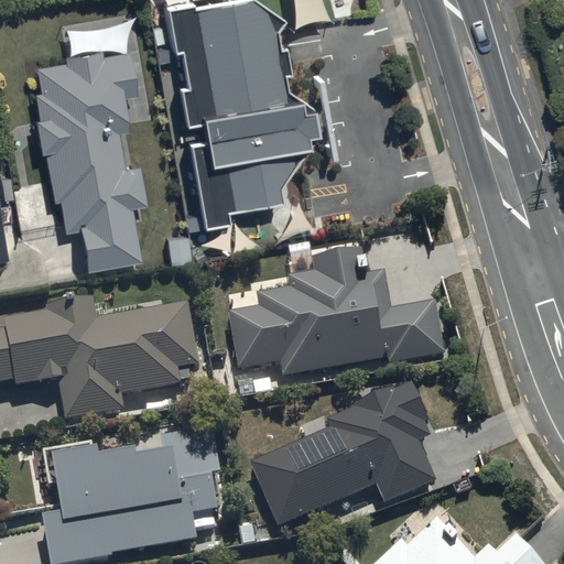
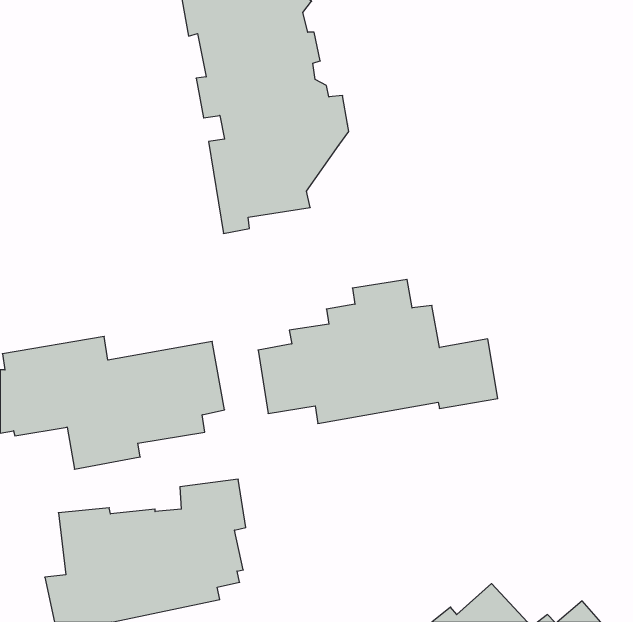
building: [32,43,145,263] -> none
building: [249,383,435,527] -> none

